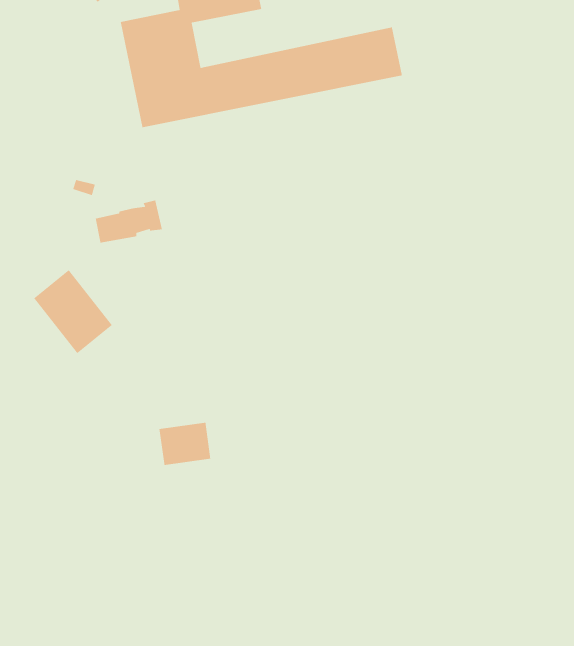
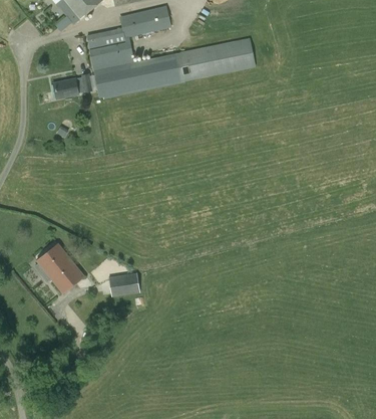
building: [95,199,163,244] -> [53,72,93,98]
building: [33,269,113,354] -> [37,243,84,293]

